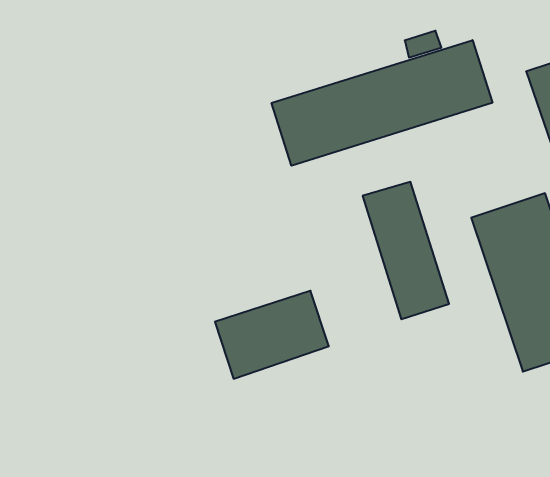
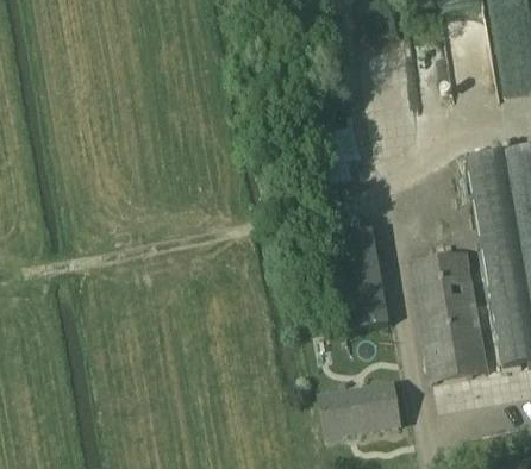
building: [272,40,492,166] -> none
building: [215,291,329,379] -> [320,382,401,438]

